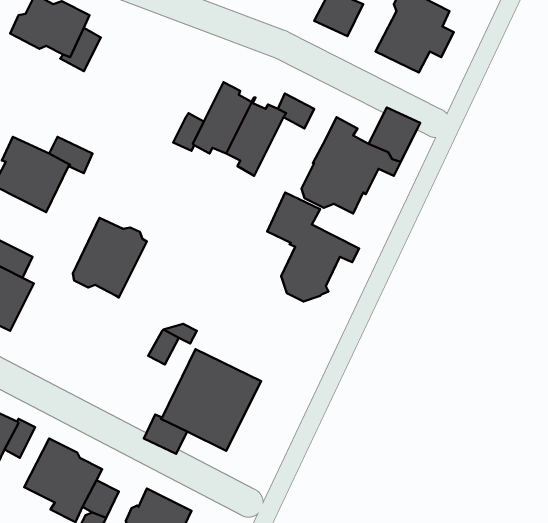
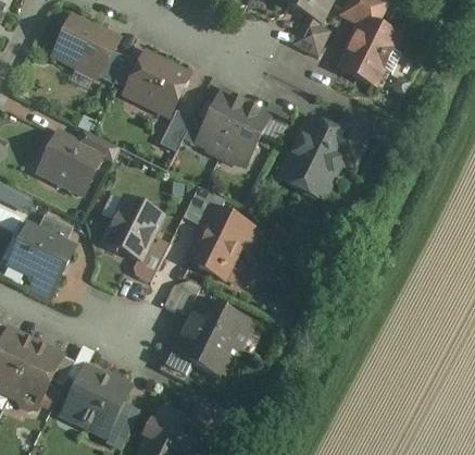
building: none -> [127,52,186,112]
building: none -> [159,109,191,150]
building: [267,193,359,301] -> [183,185,254,270]
building: none -> [133,238,166,281]

